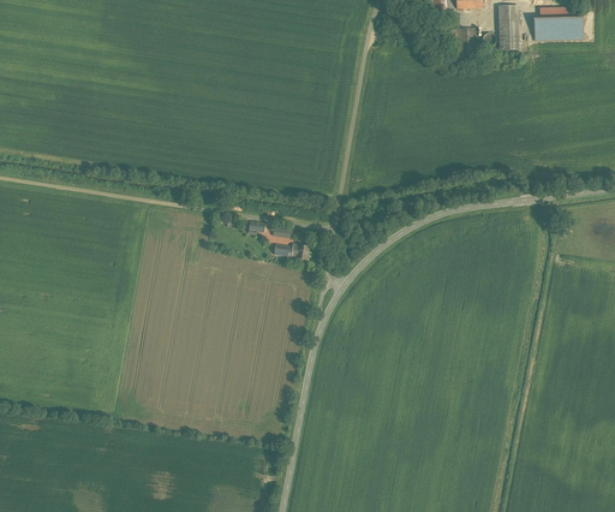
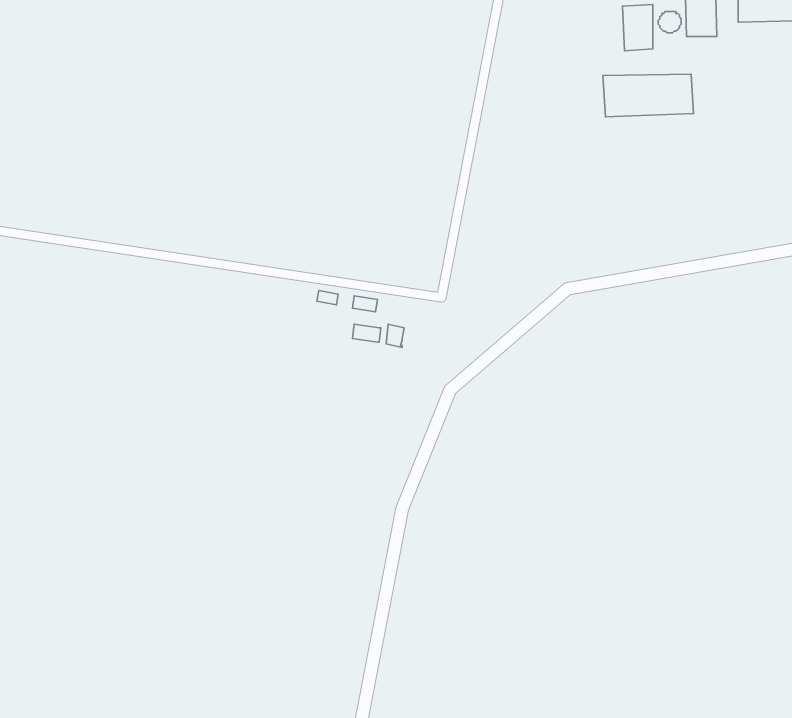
building: none -> [603,74,694,117]

